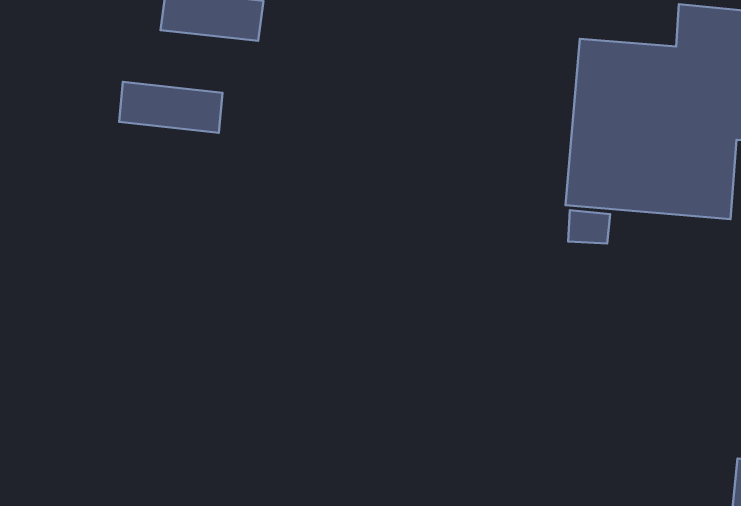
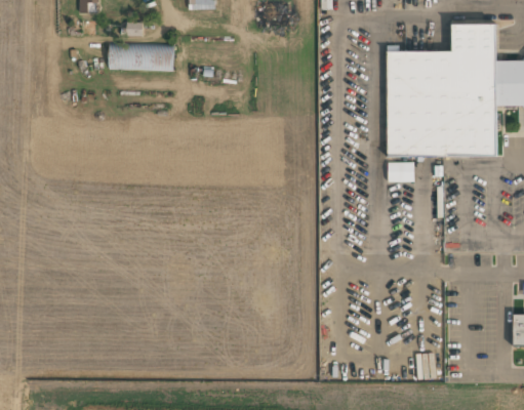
building: [119,82,222,133] -> none

